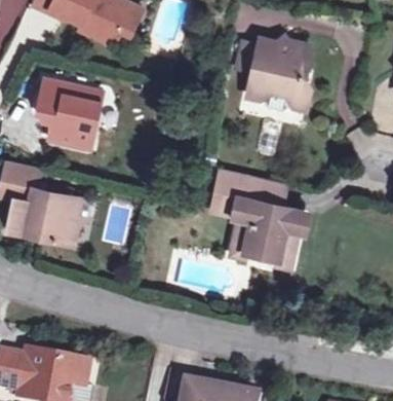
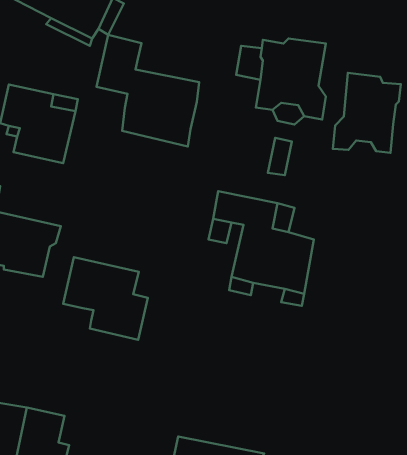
building: none -> [97,35,199,146]
building: none -> [333,73,401,153]
building: none -> [63,257,148,340]

